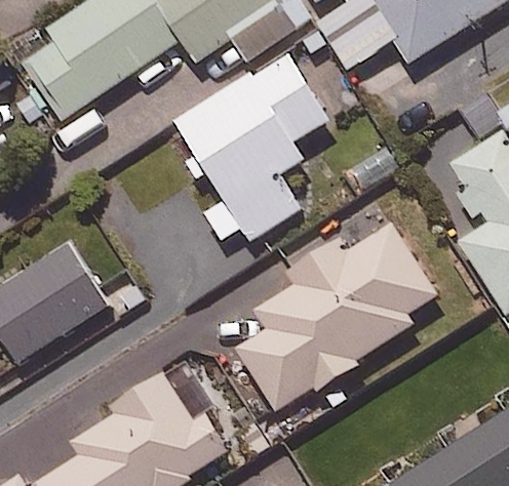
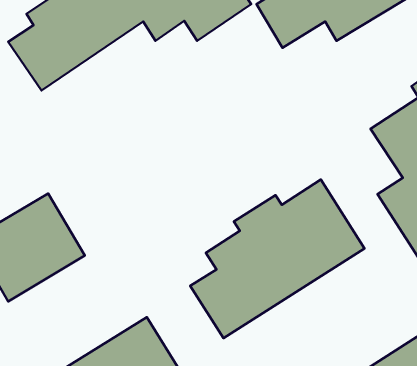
building: [173,53,328,239] -> none

